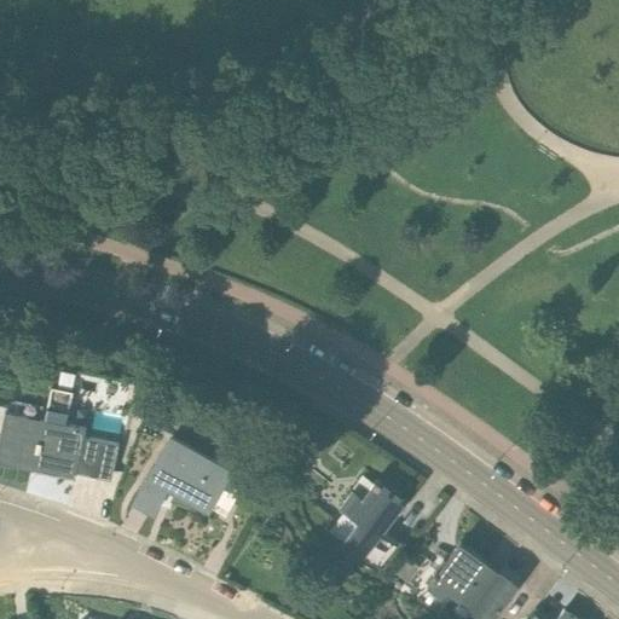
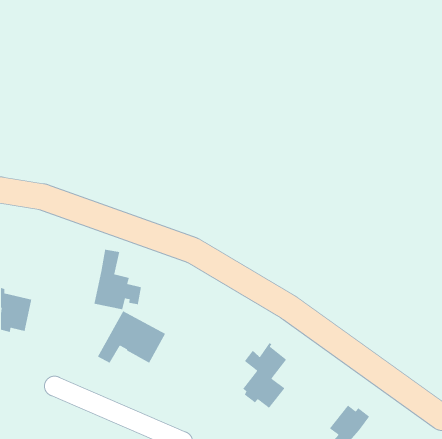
building: [35,391,103,476] -> [93,249,142,310]
building: [427,544,486,603] -> none

